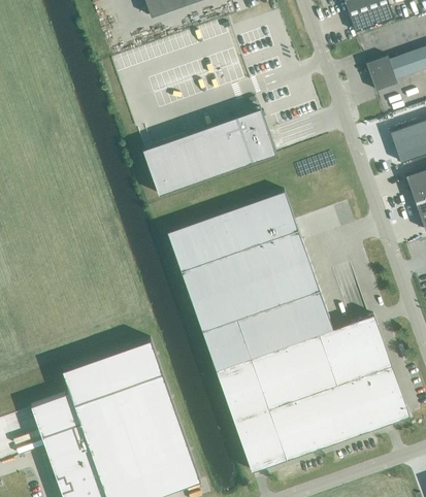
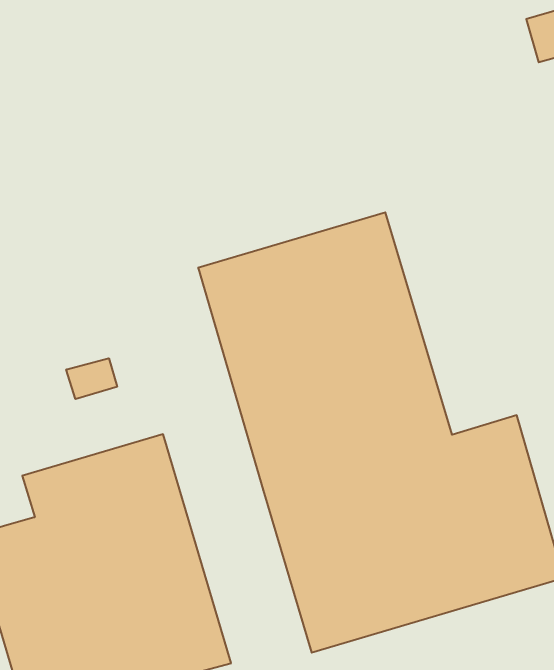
building: [143,109,276,196] -> none
building: none -> [66,358,117,399]

